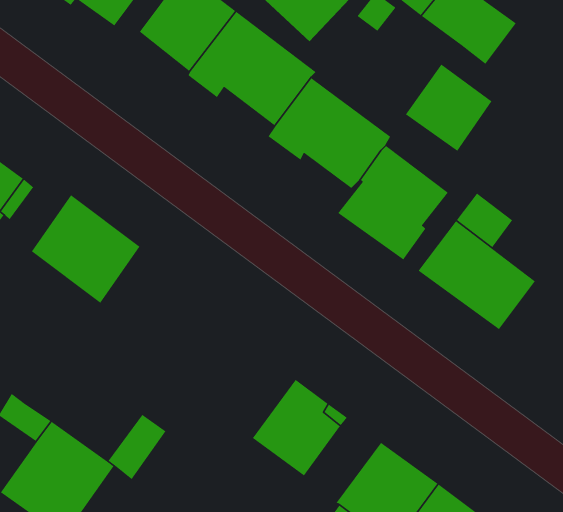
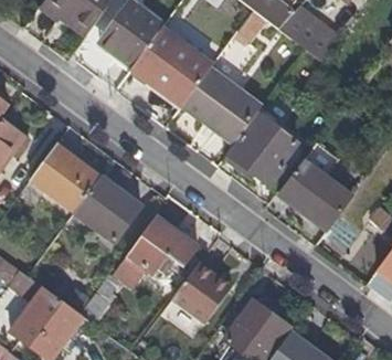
building: [405,63,493,152] -> none
building: none -> [76,177,142,242]
building: none -> [128,214,199,273]

